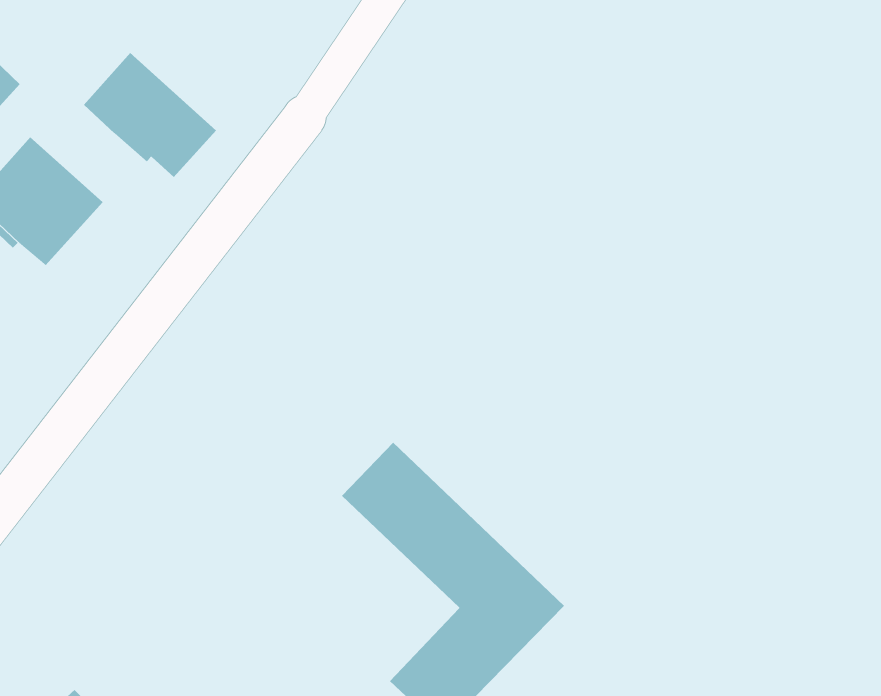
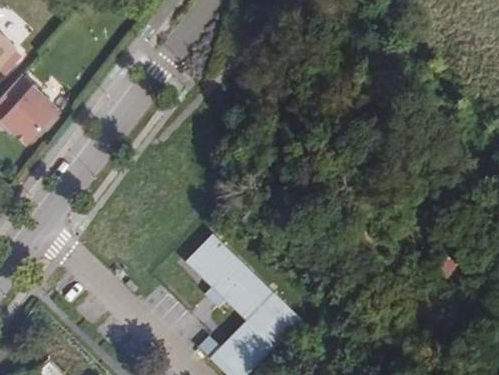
building: [83,52,217,178] -> none

